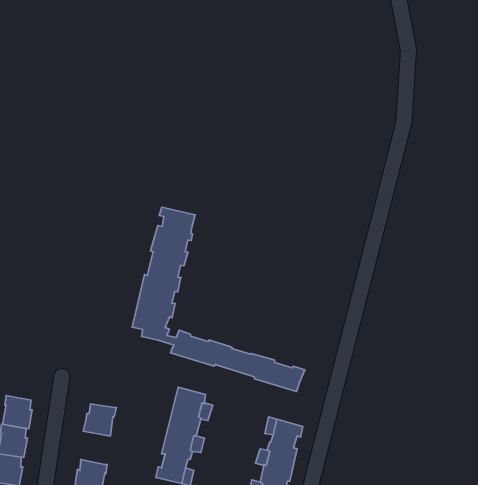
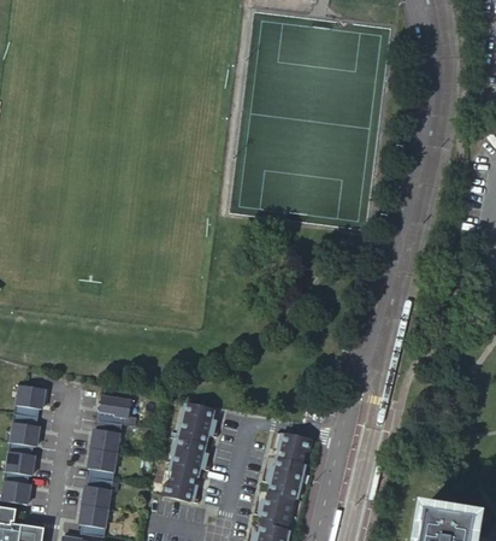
building: [132,207,305,392] -> none
building: none -> [12,382,45,414]
building: none -> [98,393,132,422]
building: none -> [88,446,118,480]

